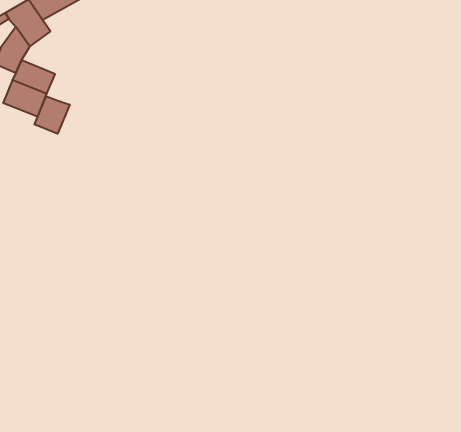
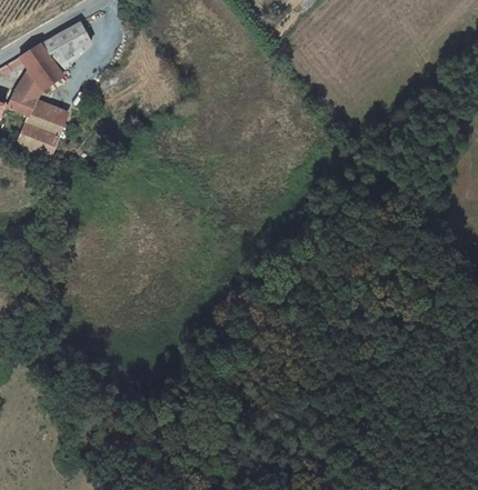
building: [35,96,70,134] -> none

